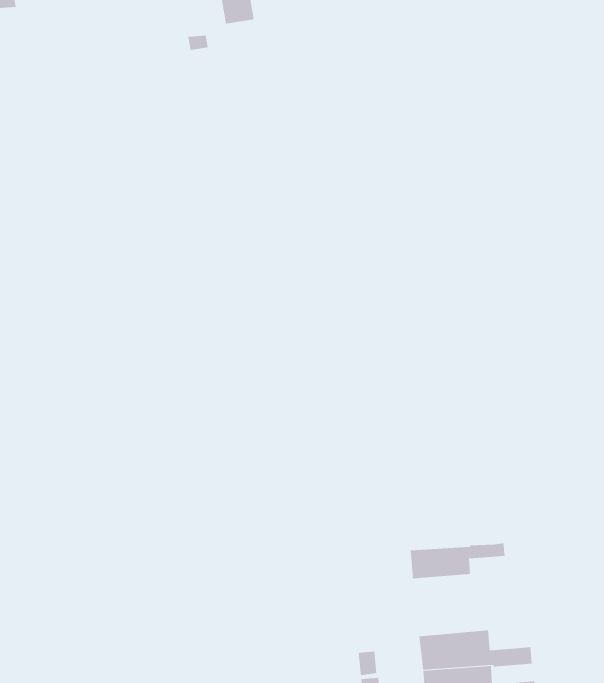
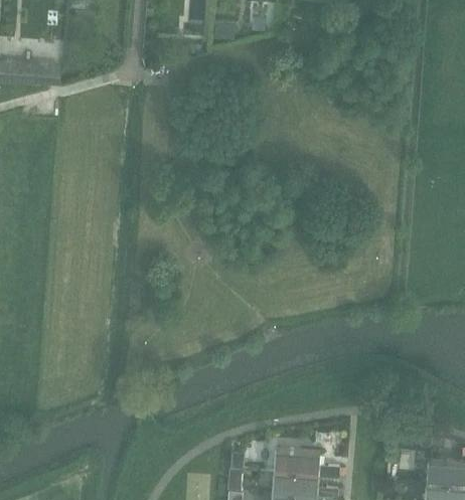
building: [410,543,505,579] -> none

